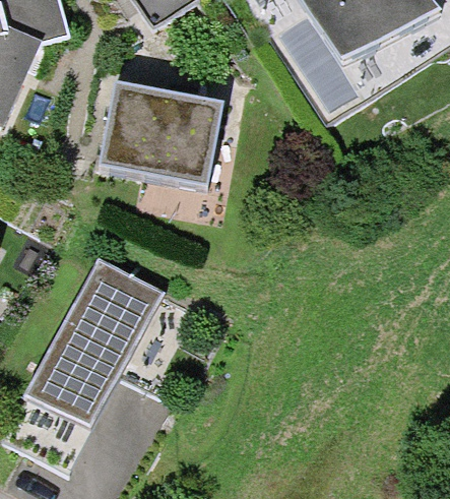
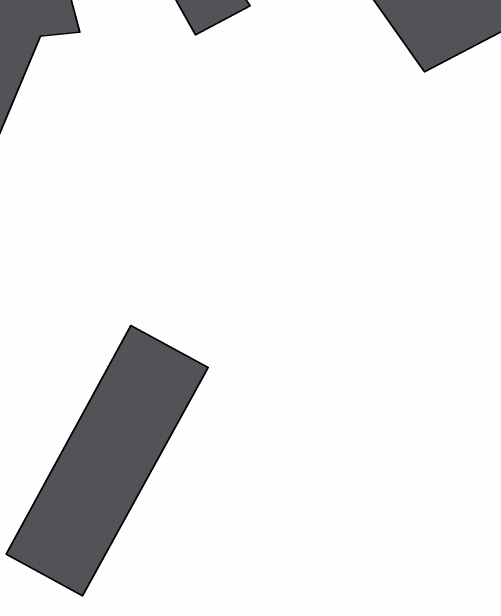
building: [100,74,211,168] -> none

